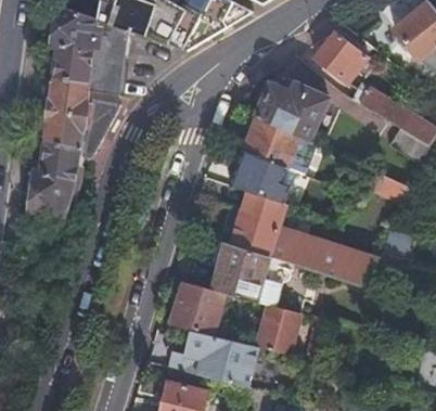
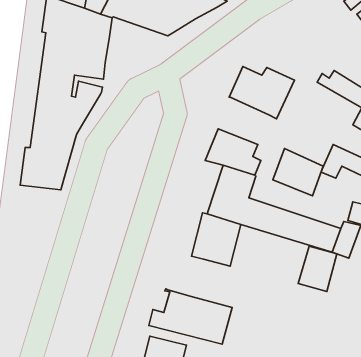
building: [317,30,369,82] -> none
building: [243,116,298,168] -> [273,148,323,196]
building: [169,282,227,335] -> none
building: [257,305,299,355] -> [298,246,337,292]

